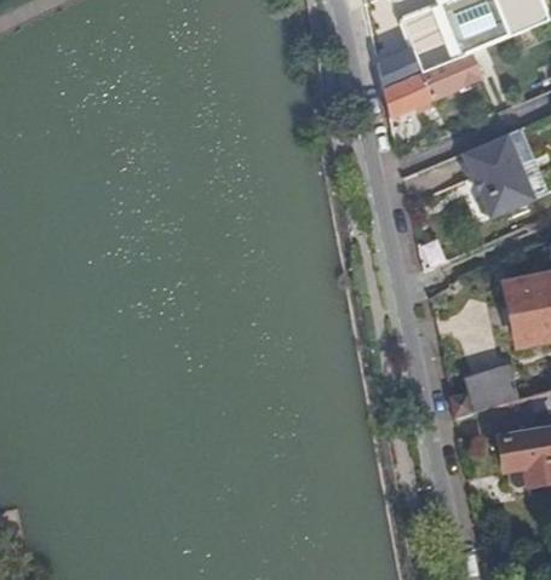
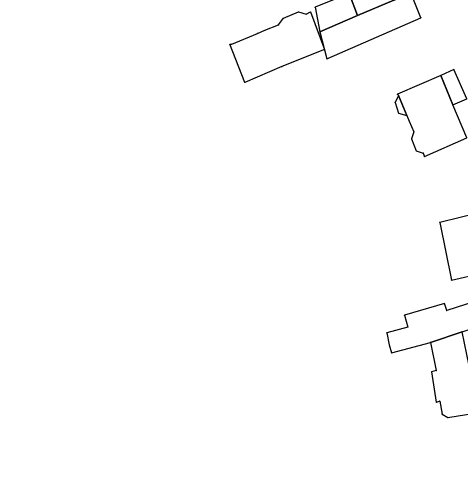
building: none -> [230,12,324,82]

